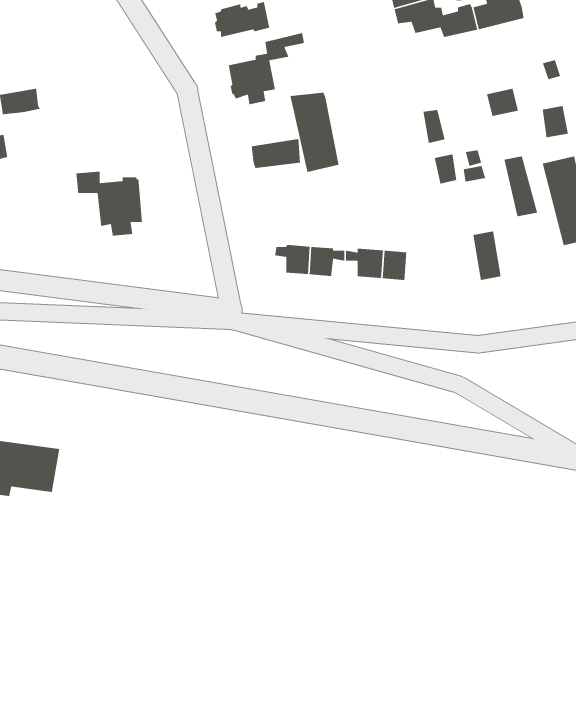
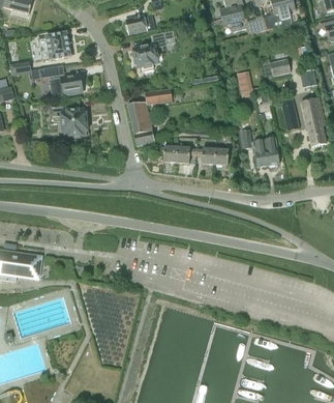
building: none -> [36,30,71,60]
building: [290,92,340,173] -> [127,100,154,144]
building: none -> [39,64,82,95]
building: none -> [241,127,268,166]

